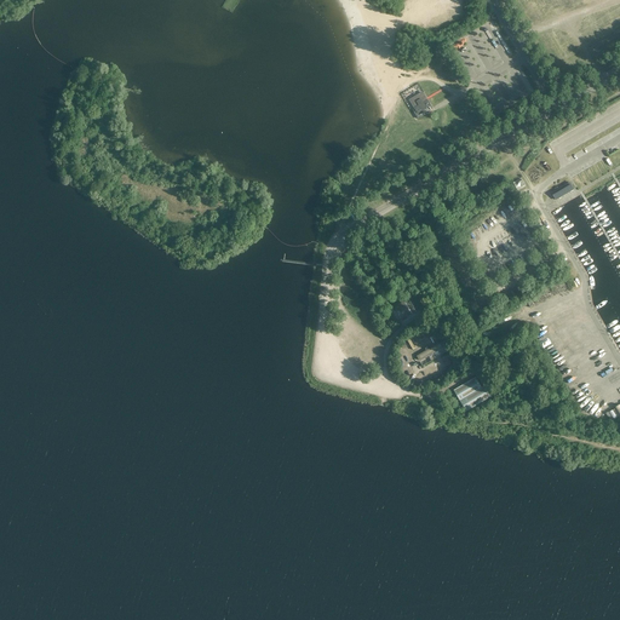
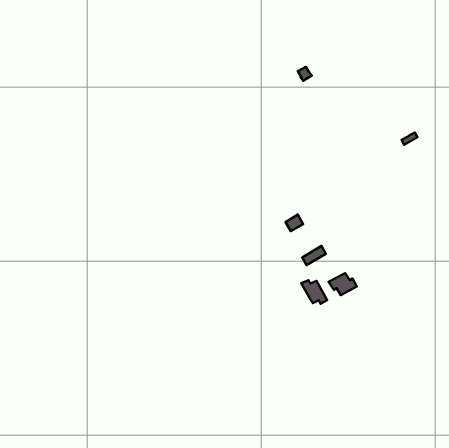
building: none -> [301,280,327,304]

